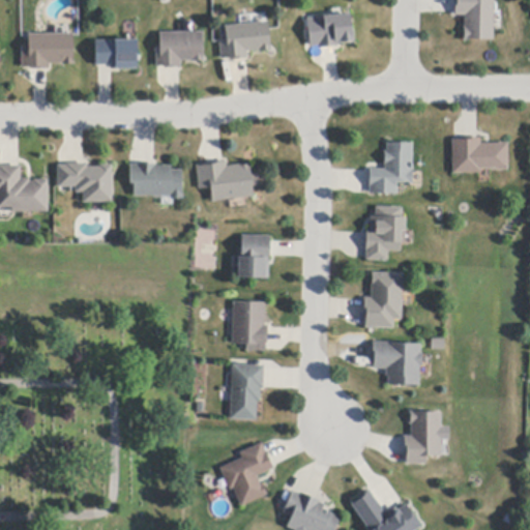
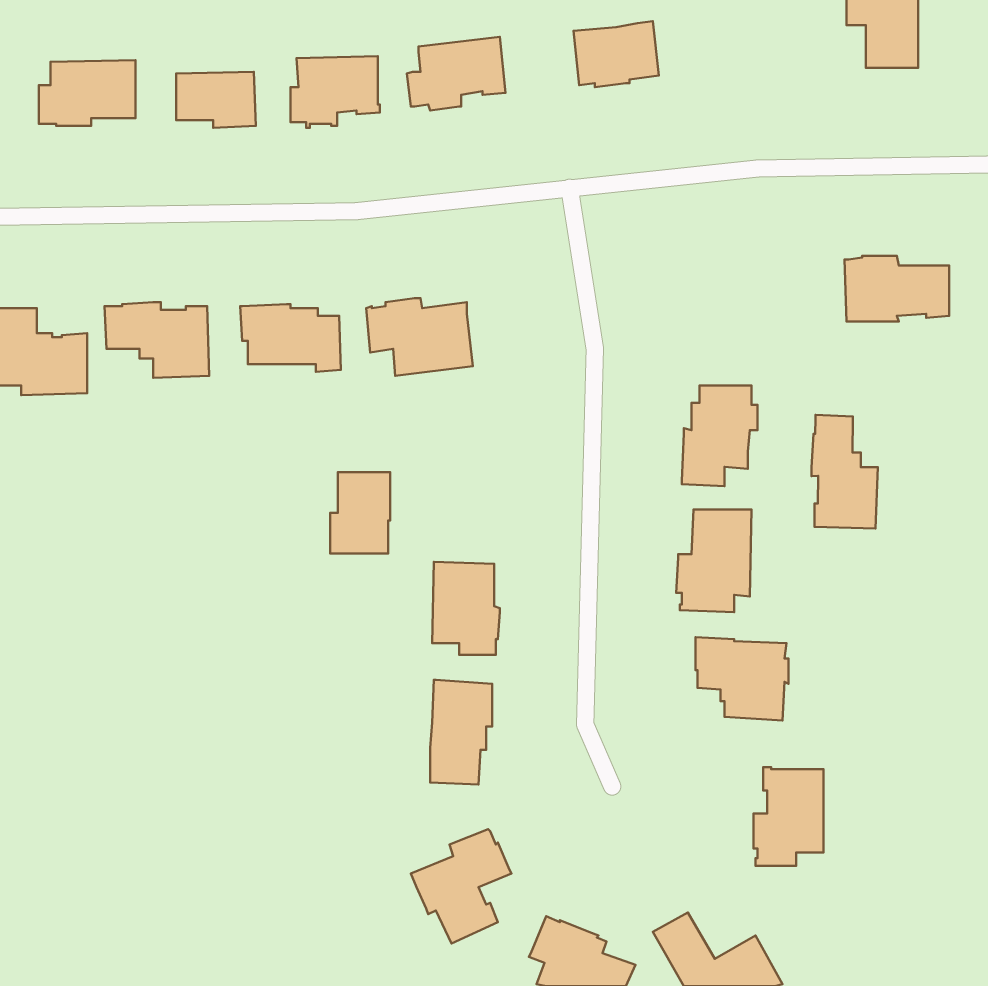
building: [367,142,412,193] -> none
building: none -> [811,415,878,528]
building: [237,234,269,277] -> [330,472,390,554]

